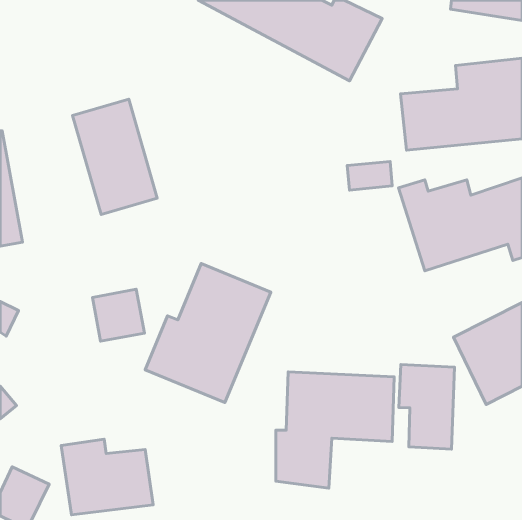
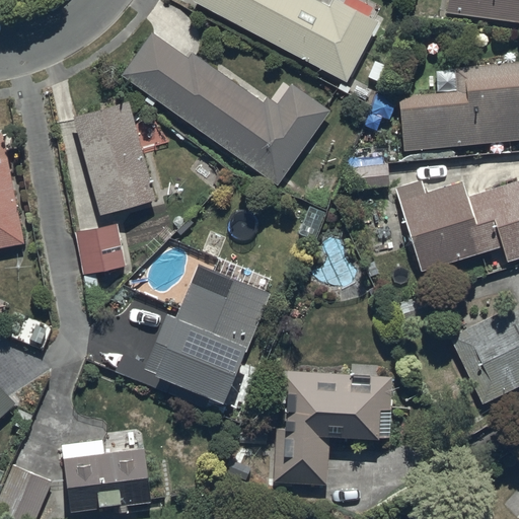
building: none -> [119,32,329,187]
building: [92,289,144,341] -> [73,223,125,275]
building: [399,364,454,449] -> none

